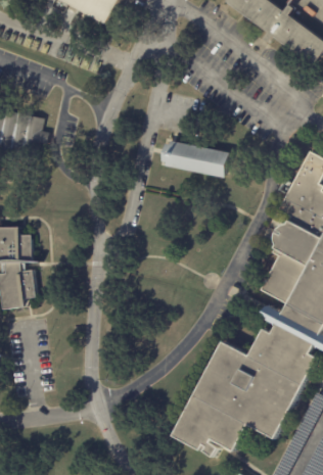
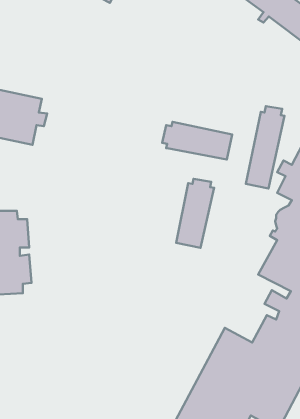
building: none -> [246,106,285,189]
building: none -> [176,179,214,248]

